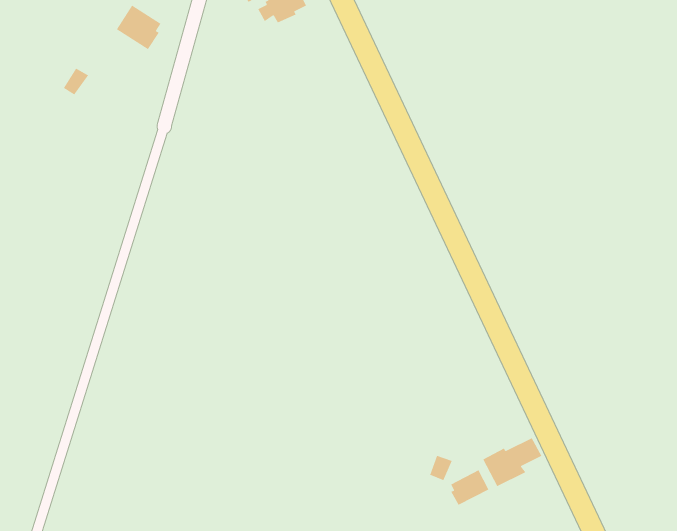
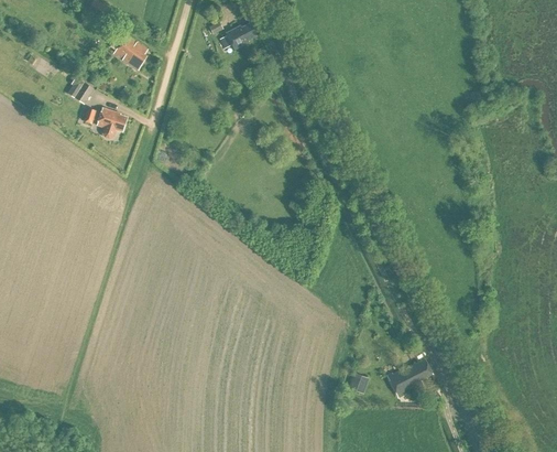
building: none -> [84,108,128,138]
building: [450,469,490,506] -> none

